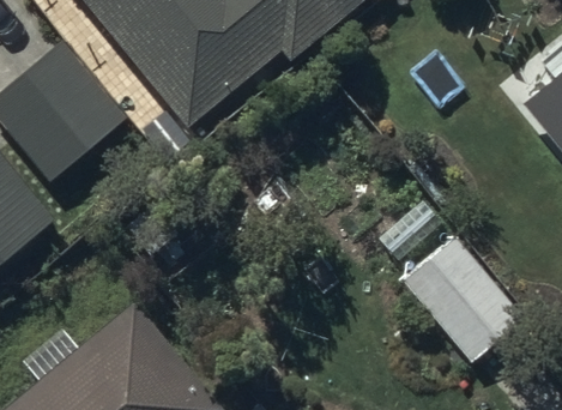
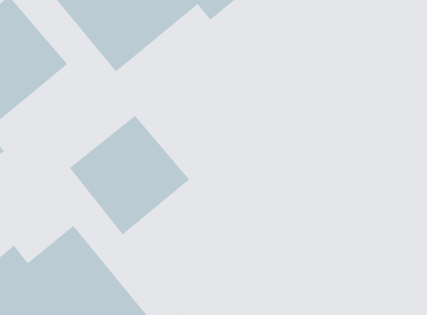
building: none -> [69,115,190,235]
building: [403,233,526,364] -> none

